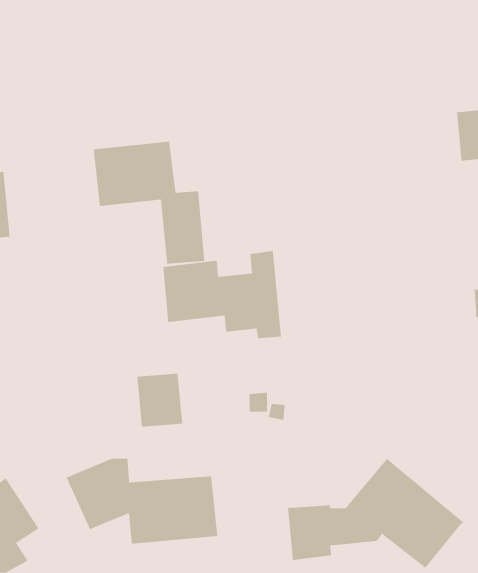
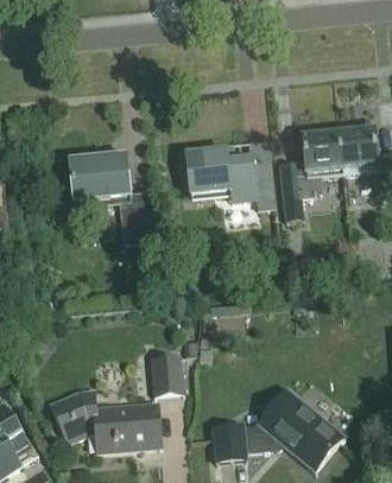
building: none -> [280,133,341,222]
building: [163,250,282,339] -> [186,142,274,208]
building: [136,373,183,428] -> [151,356,185,396]

